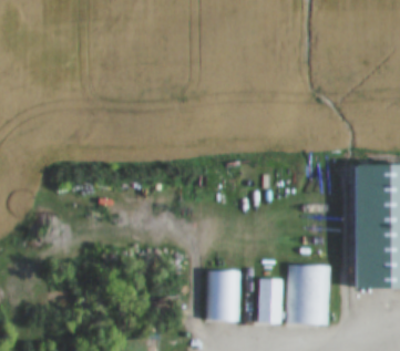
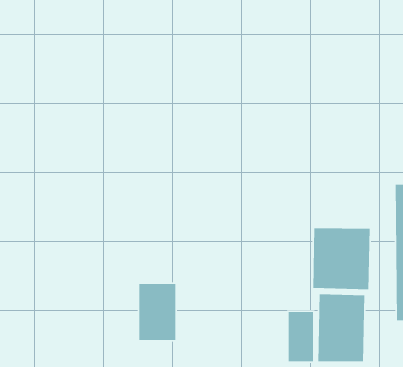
building: none -> [312,228,370,290]
building: [205,270,238,321] -> [139,283,176,341]

